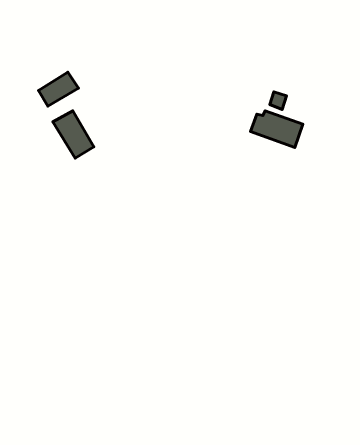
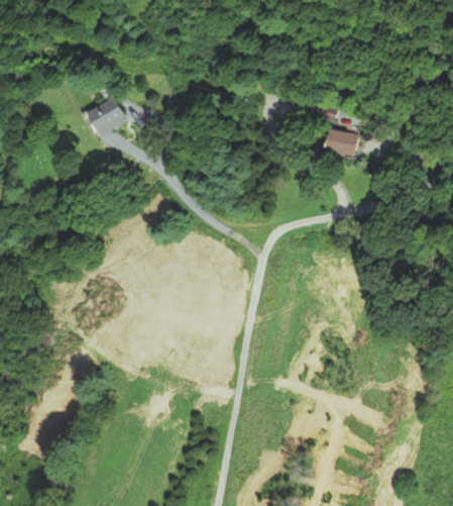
building: [53,111,94,158] -> none

